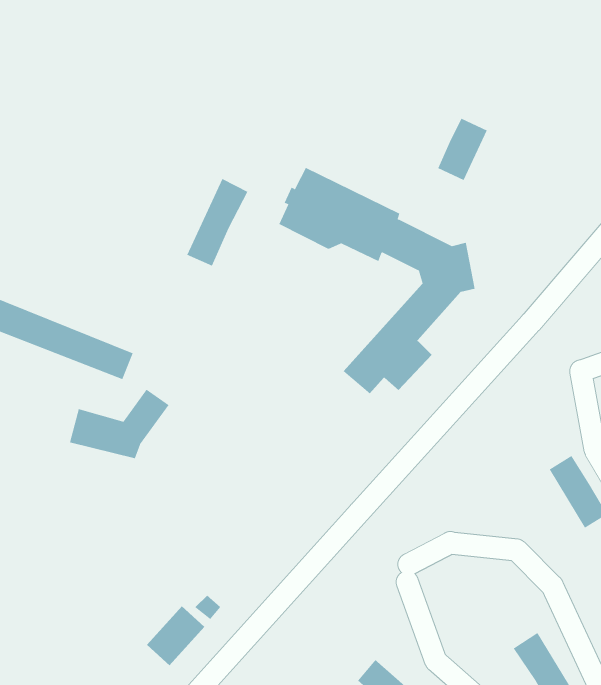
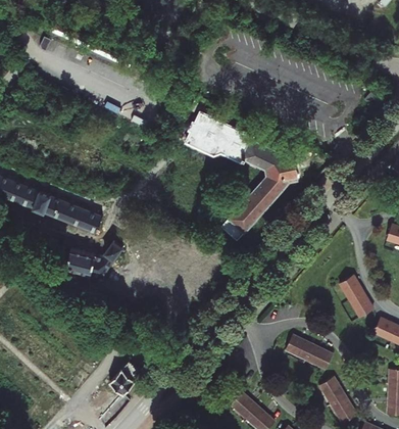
building: [438,118,487,181] -> none
building: [186,178,248,266] -> none
building: none -> [285,334,332,369]

